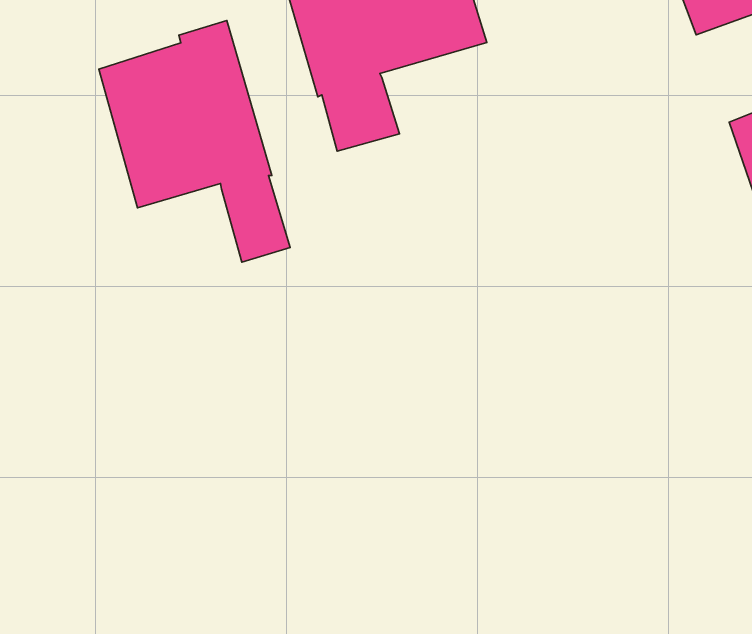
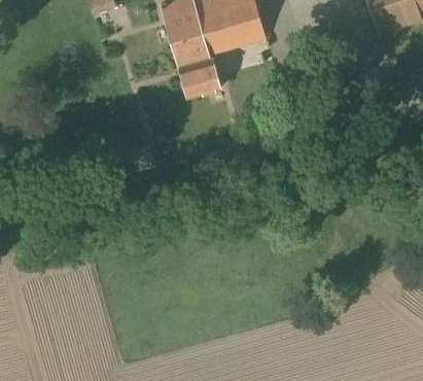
building: [99,20,290,262] -> none

